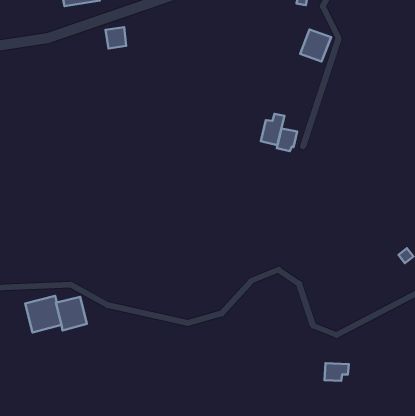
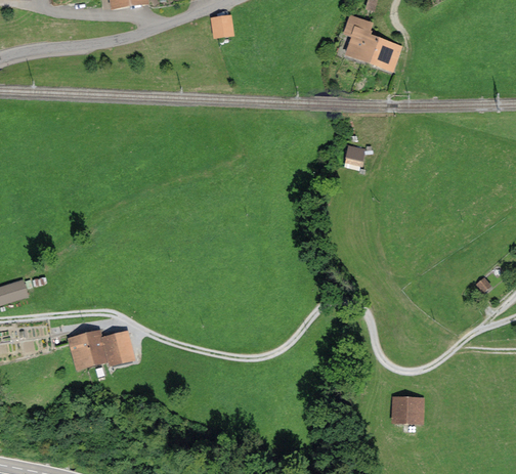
building: none -> [342,14,380,63]
building: [106,27,126,49] -> [211,16,233,40]
building: [261,114,285,145] -> none

